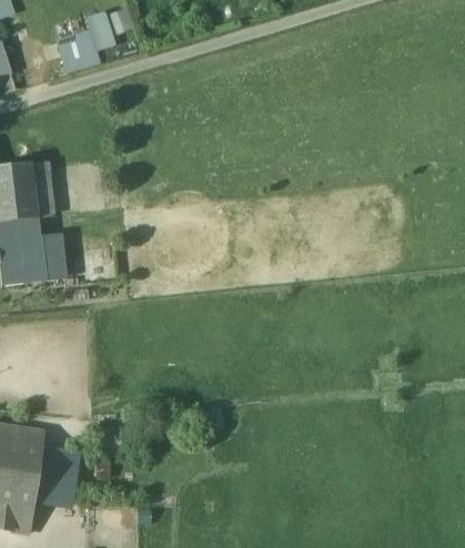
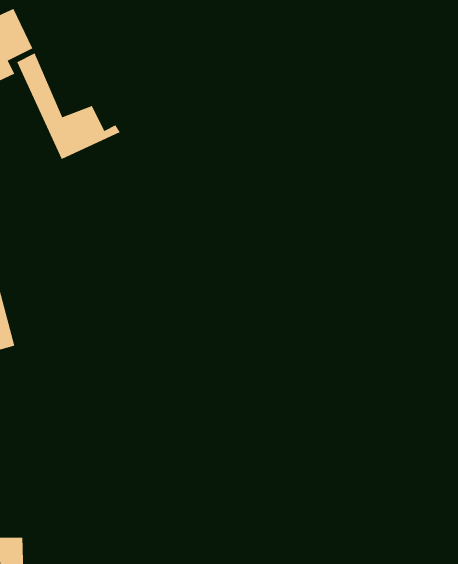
building: none -> [16,53,120,160]

